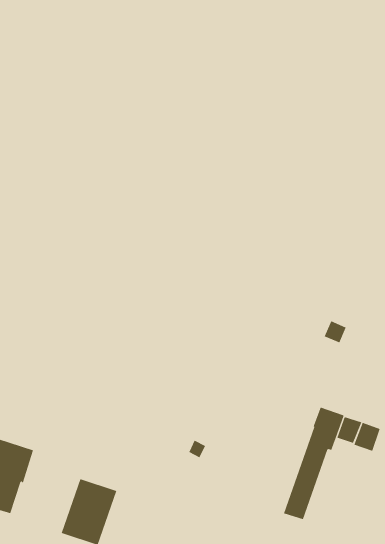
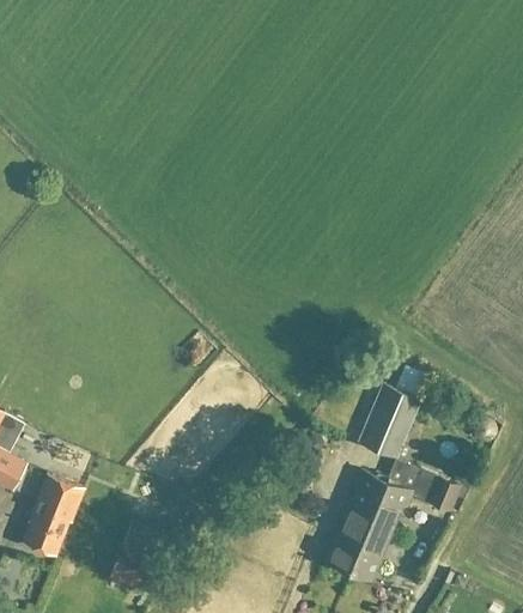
building: none -> [357,383,421,460]
building: none -> [328,472,387,572]

